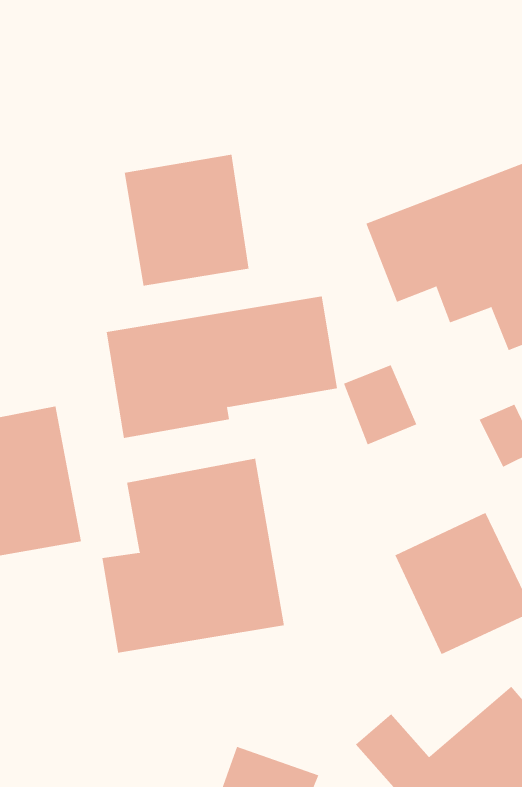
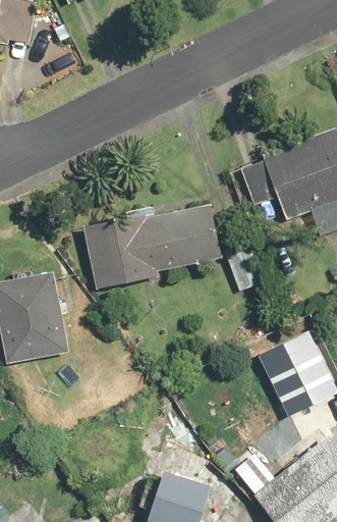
building: [124,154,249,286] -> none
building: [102,458,285,654] -> none

